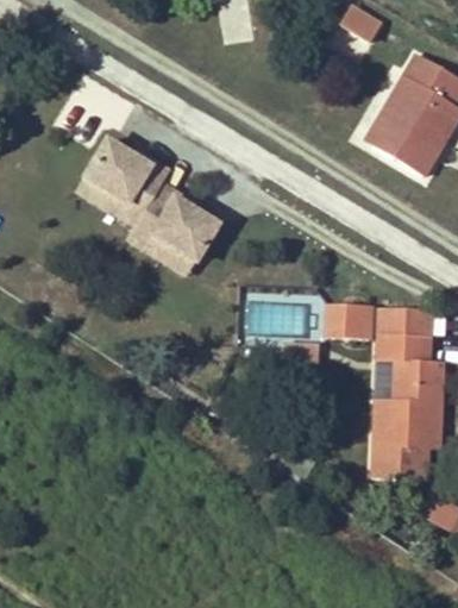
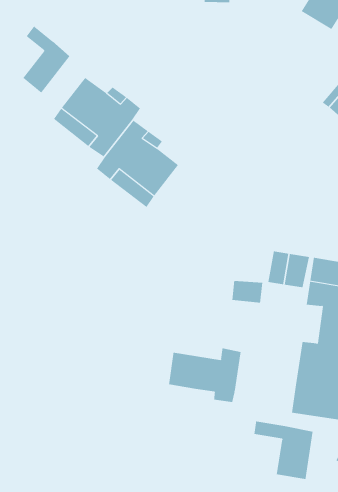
building: none -> [22,25,70,93]
building: none -> [168,347,241,403]
building: none -> [254,420,313,480]

